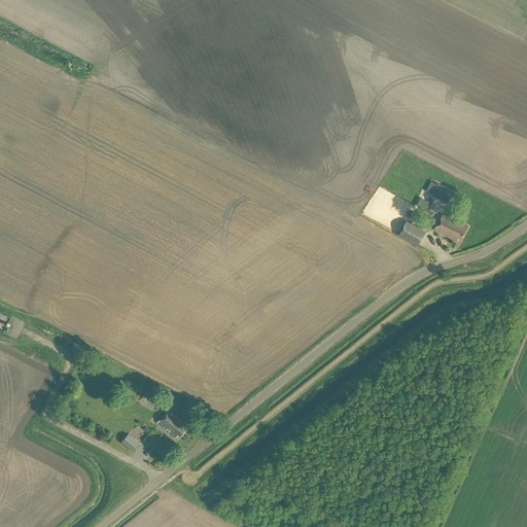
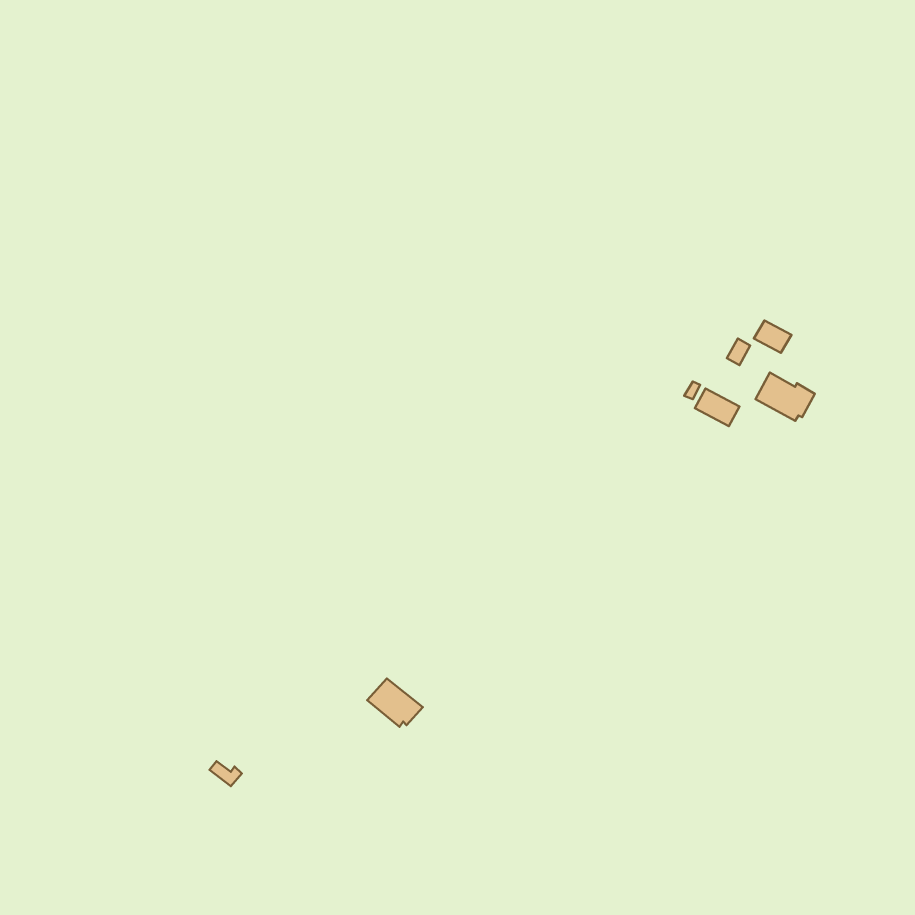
building: [154,410,186,437] -> [367,679,423,727]

